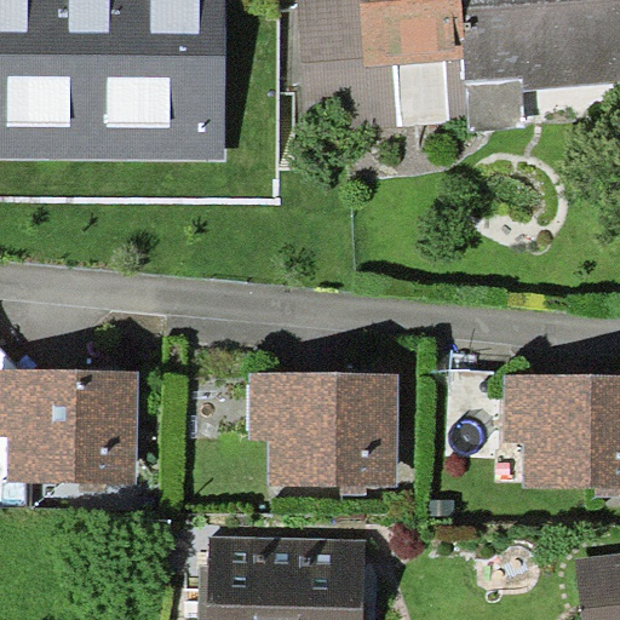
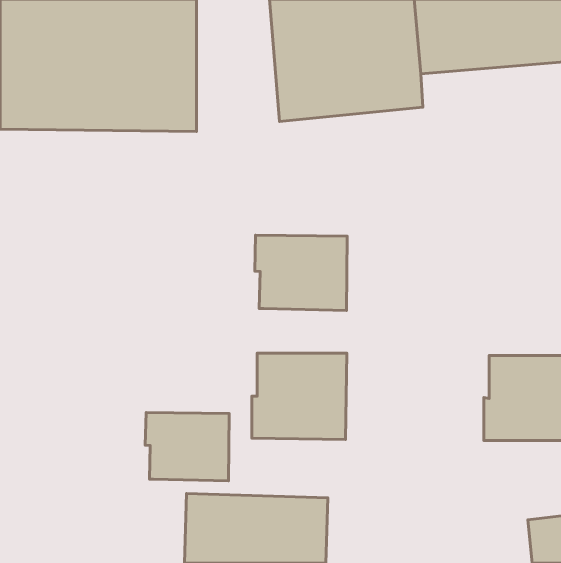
building: none -> [255,235,347,310]
building: [18,384,124,480] -> none
building: none -> [145,413,229,481]

